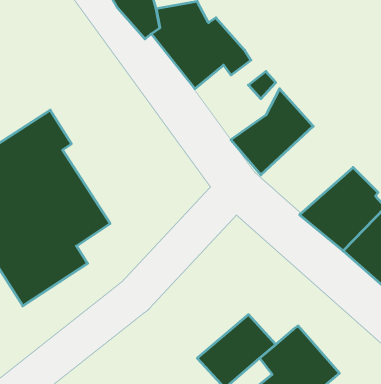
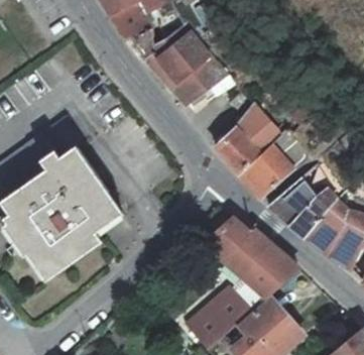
building: none -> [239,127,313,199]
building: none -> [205,218,300,299]

